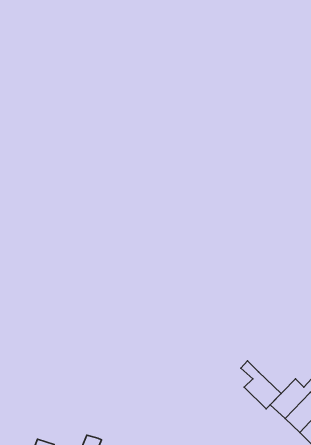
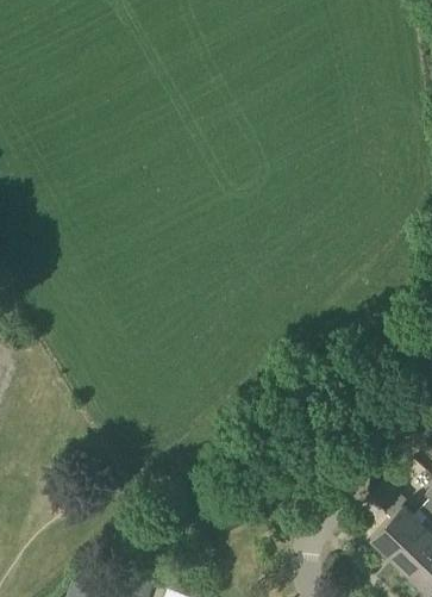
building: [241,361,281,409] -> none

